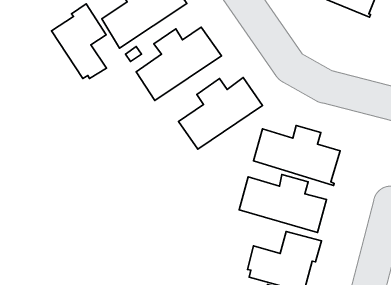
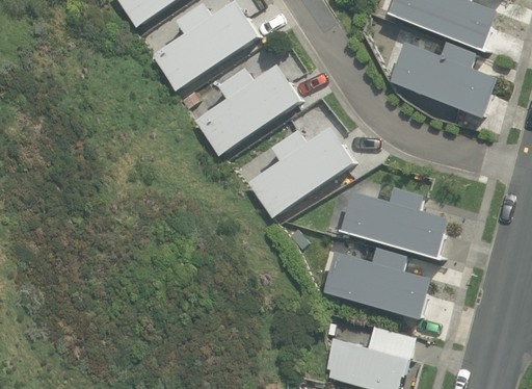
building: [51,4,106,79] -> none
building: none -> [389,43,495,118]

